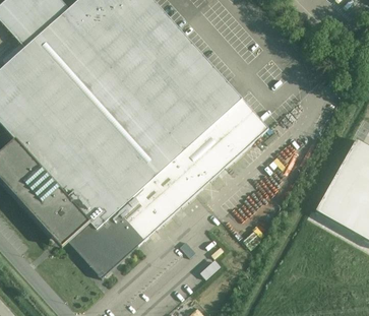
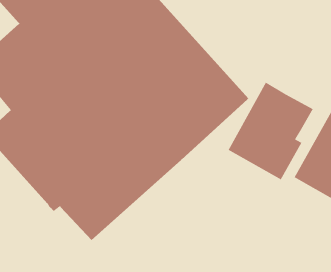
building: none -> [227,82,314,180]

